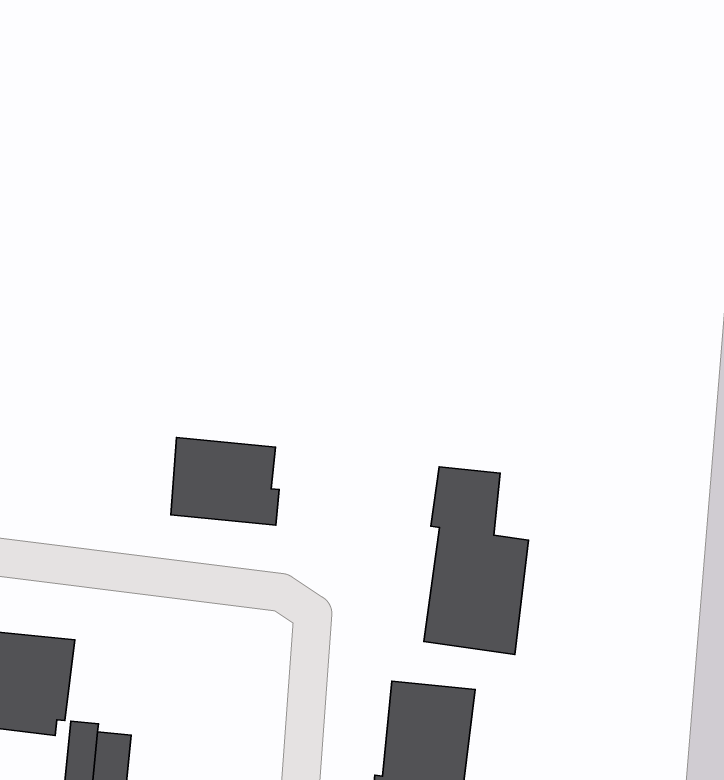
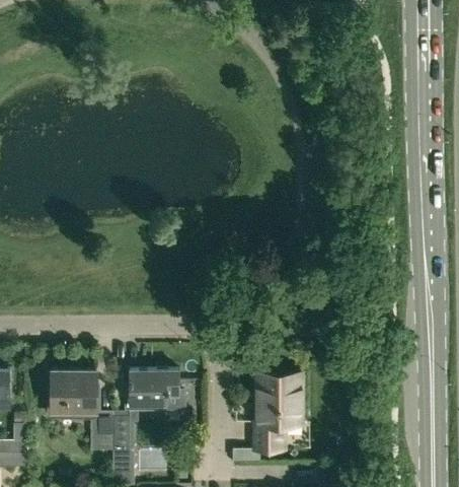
building: [171,437,279,525] -> [129,370,183,410]
building: [424,467,528,654] -> none

